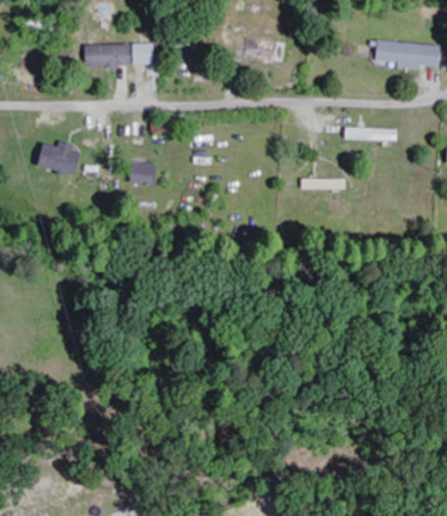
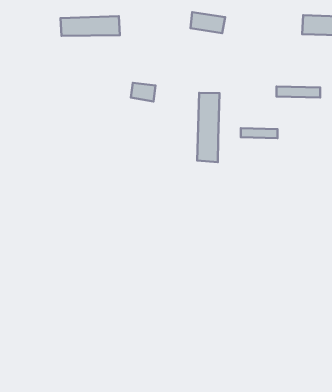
building: none -> [197,93,220,162]
building: [36,143,82,176] -> none
building: [128,164,158,186] -> [131,83,156,102]

